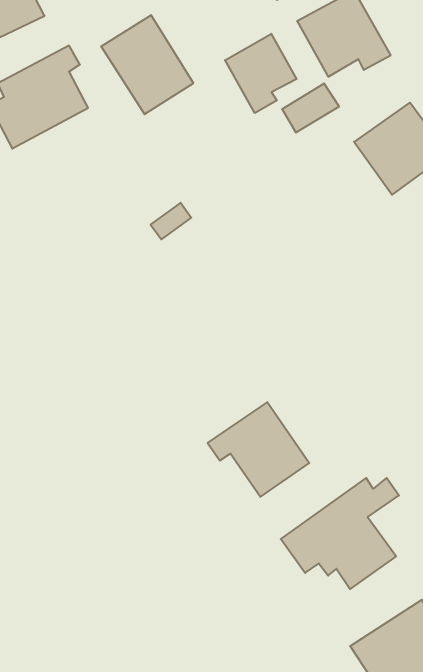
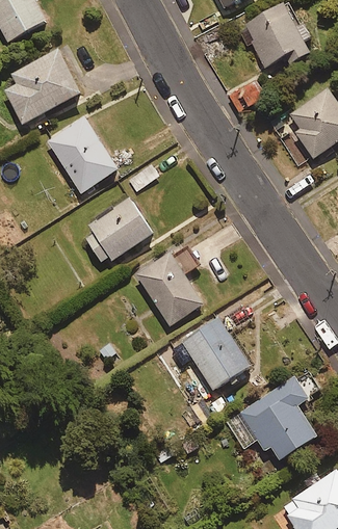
building: [101,15,193,114] -> [46,116,116,192]
building: [225,34,297,113] -> none
building: none -> [84,197,152,262]
building: none -> [136,248,202,324]

